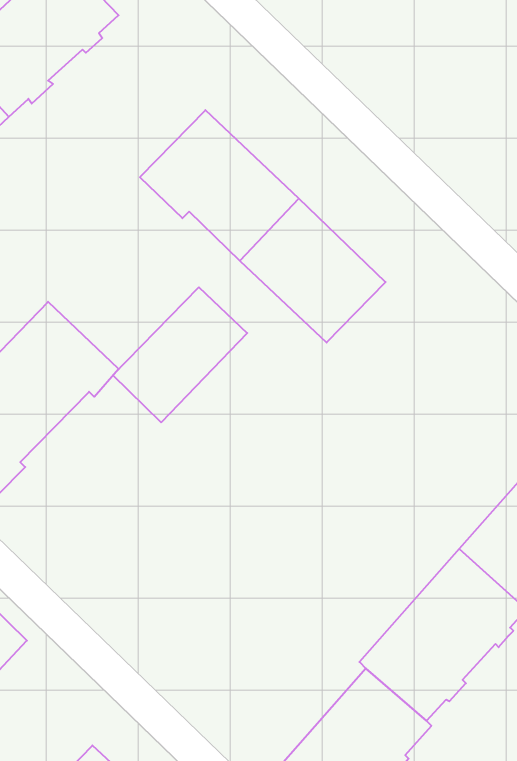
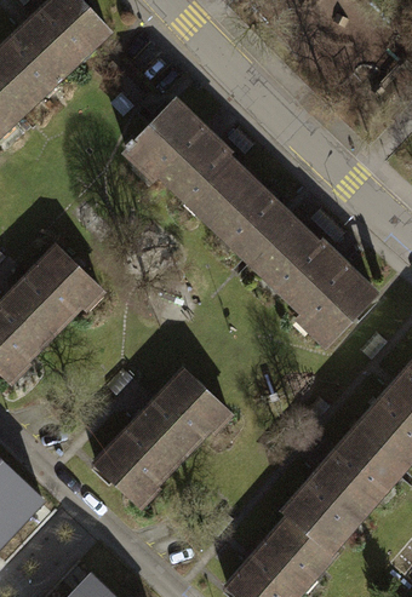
building: none -> [259,228,372,344]
building: [113,287,247,422] -> none
building: none -> [93,367,234,509]

